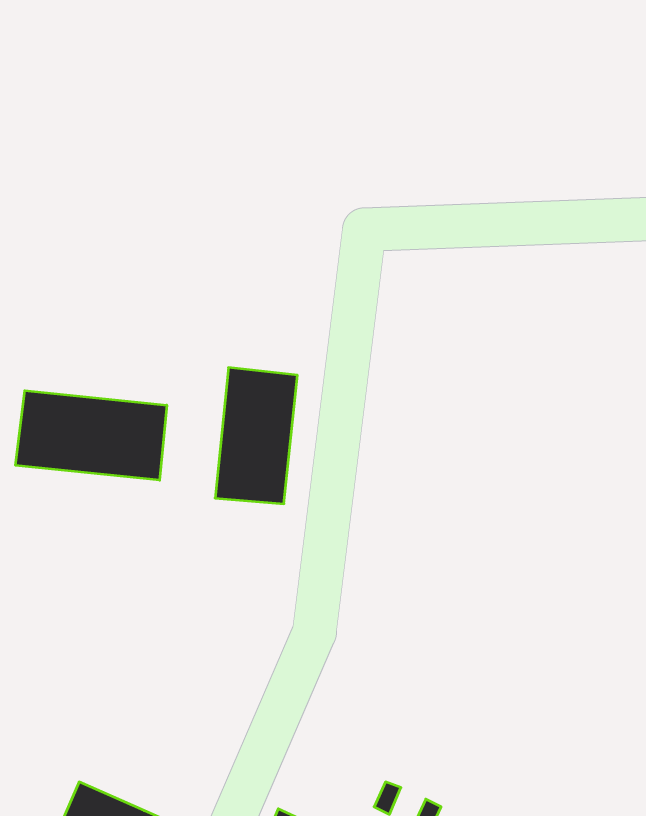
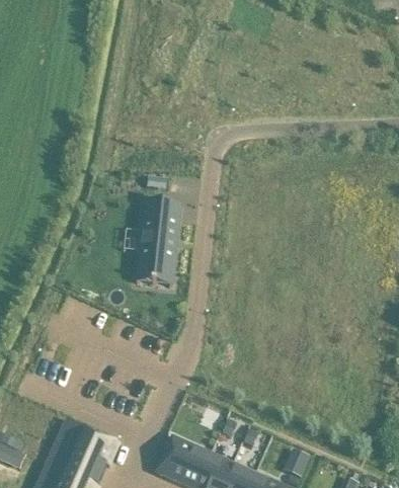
building: [16,391,167,480] -> none

